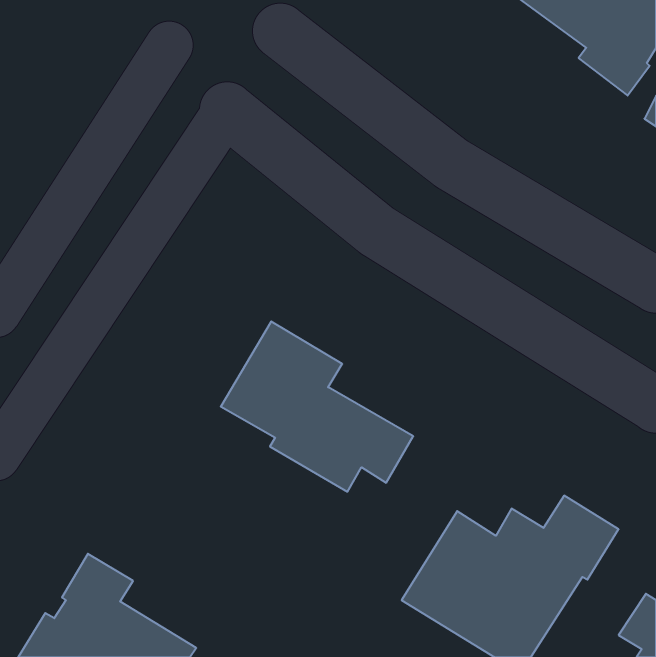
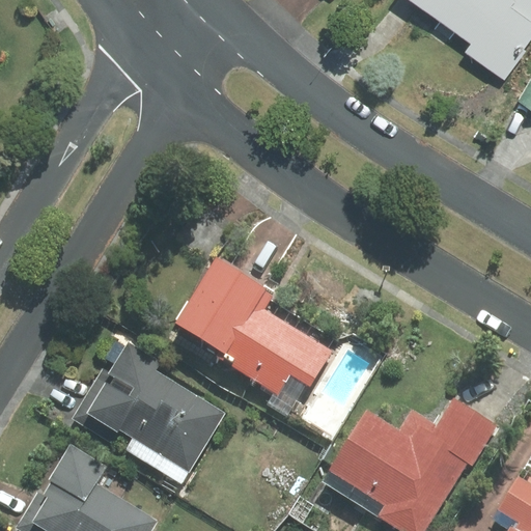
building: none -> [71,334,225,483]

